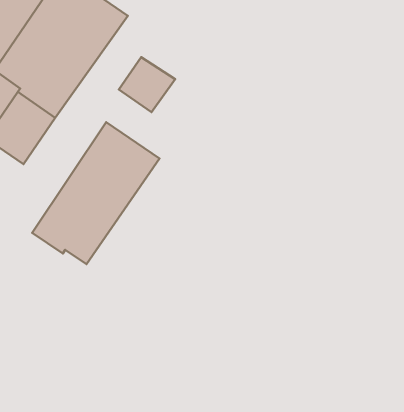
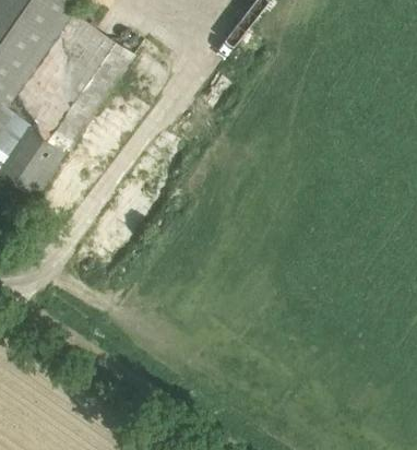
building: [119,57,175,112] -> none
building: [32,122,159,264] -> none

